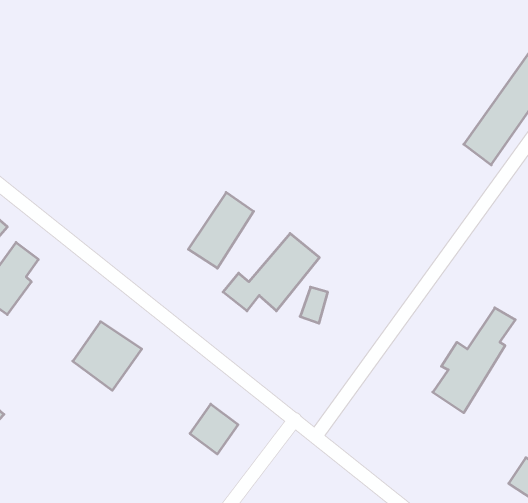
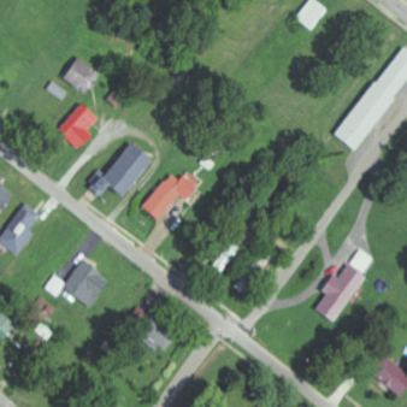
building: none -> [60,57,98,93]
building: none -> [57,102,98,148]
building: [223,233,319,311] -> [85,141,153,195]

